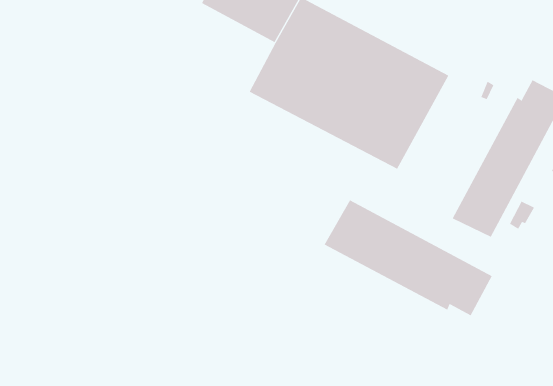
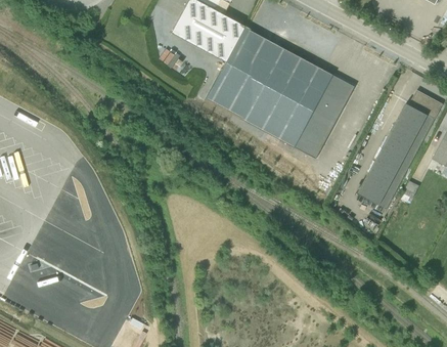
building: [324,200,493,316] -> none

